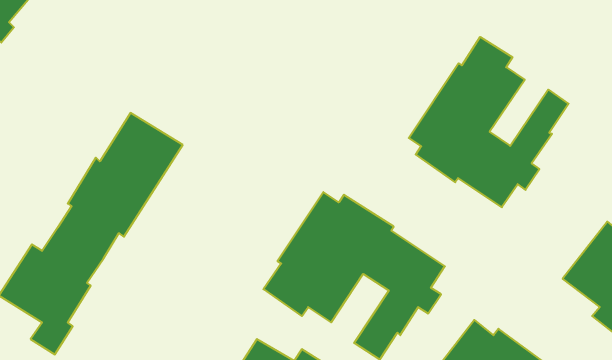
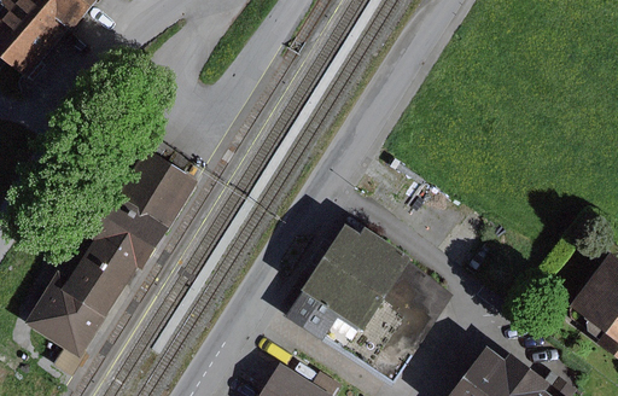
building: [409,37,569,207] -> none

